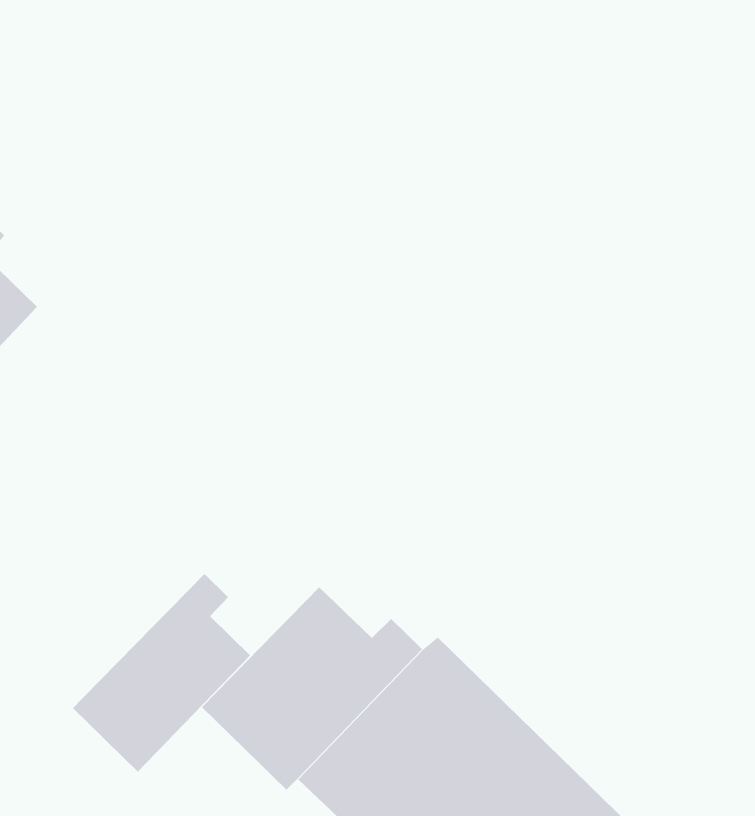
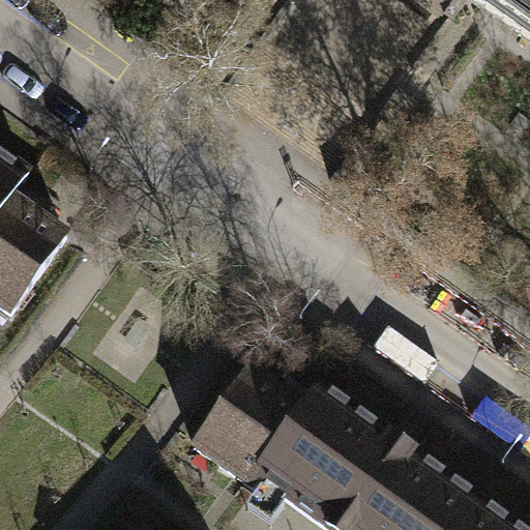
building: [72,573,251,772] -> none

